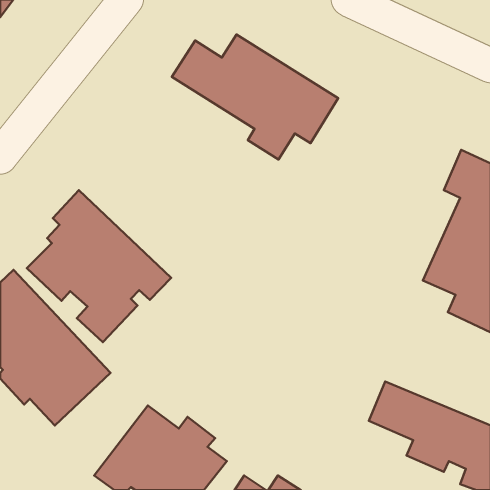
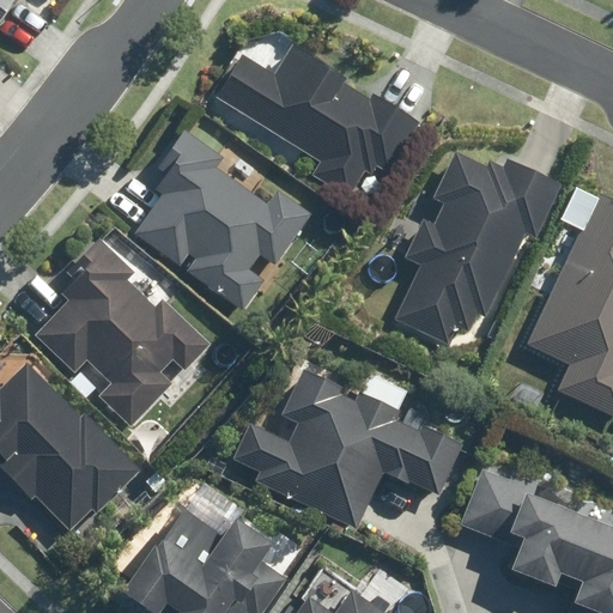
building: none -> [134,129,310,310]
building: none -> [396,151,564,342]
building: none -> [229,369,460,527]

